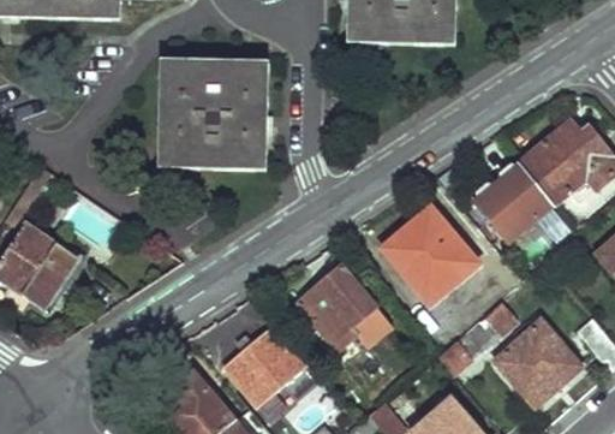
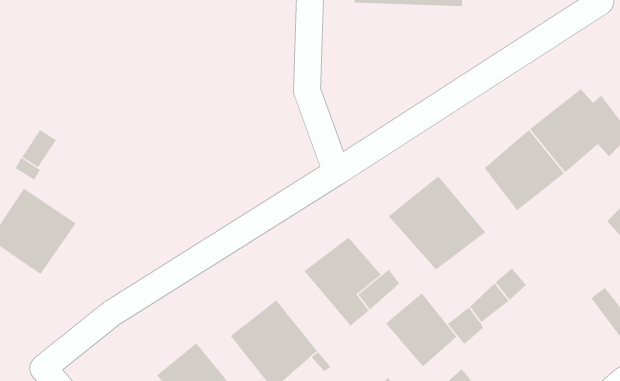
building: [160,55,269,164] -> none
building: [496,319,581,404] -> none
building: none -> [385,292,457,367]

